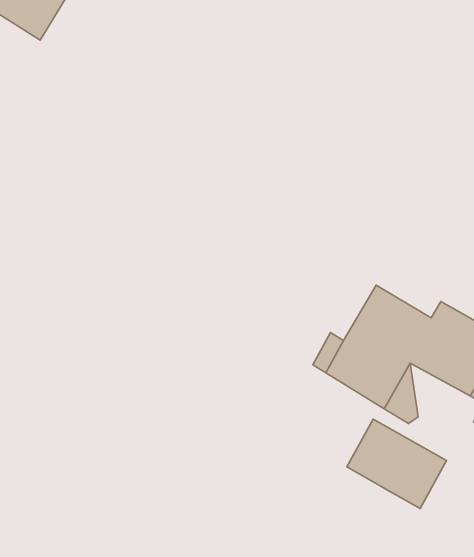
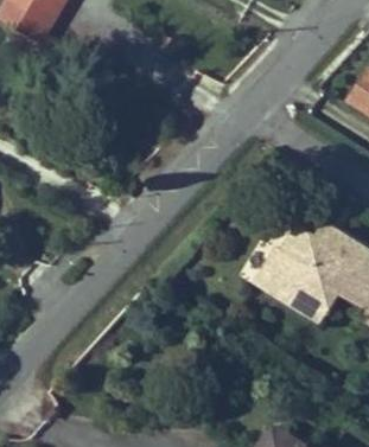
building: [347,419,446,508] -> none

